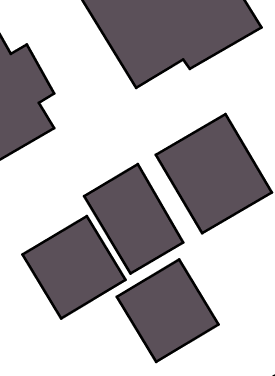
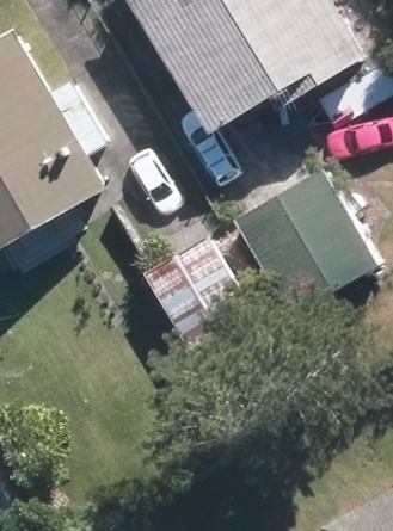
building: [23,216,125,318] -> none
building: [117,259,218,362] -> none

